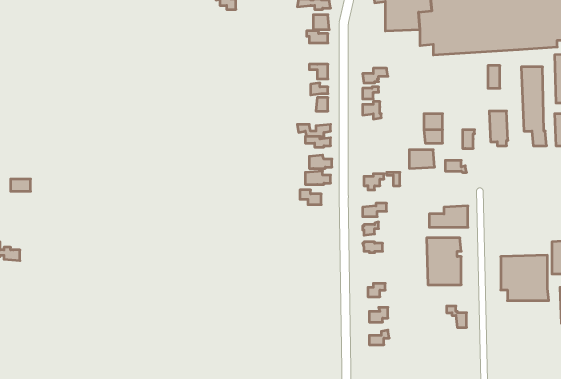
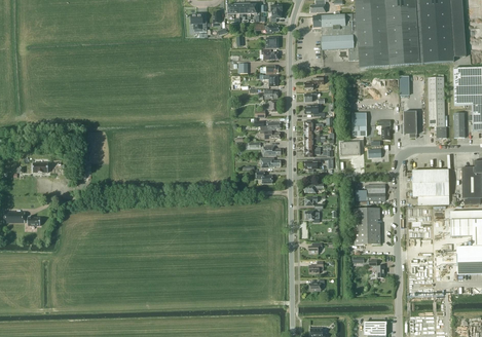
building: [501,255,549,301] -> [412,170,449,204]

